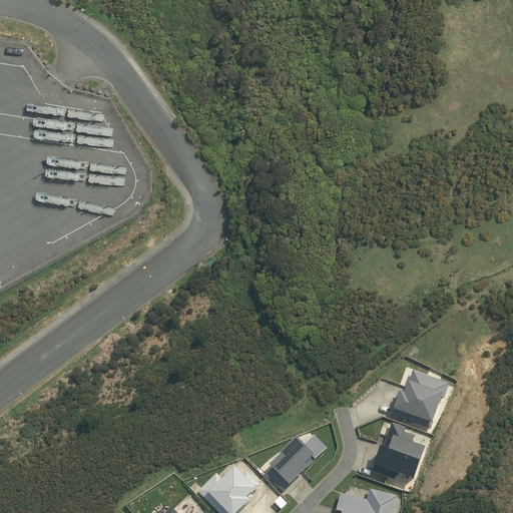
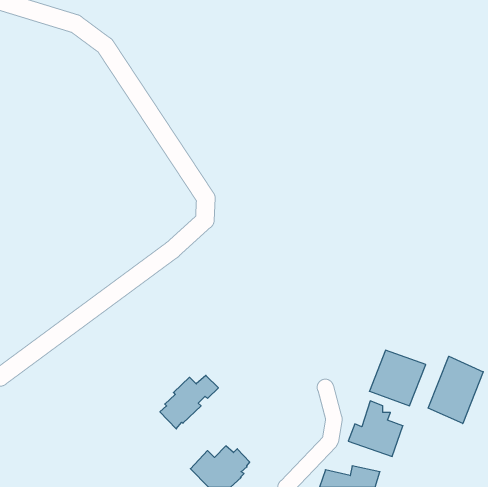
building: none -> [428,356,483,424]
building: [269,435,330,491] -> [160,375,218,429]

